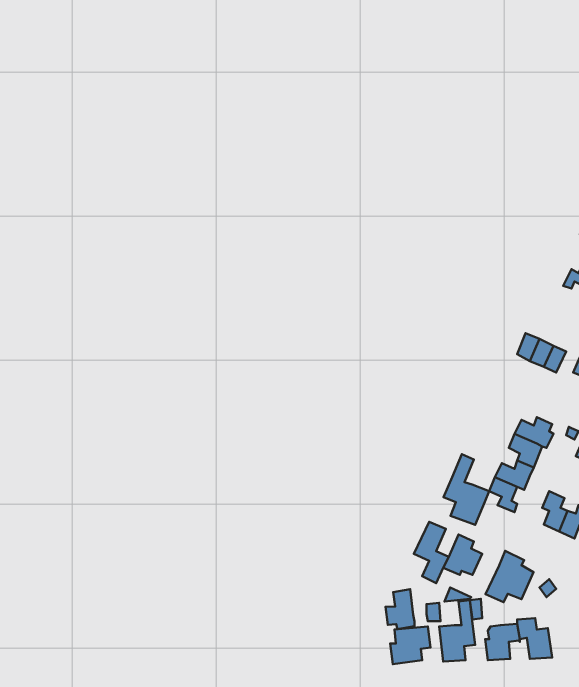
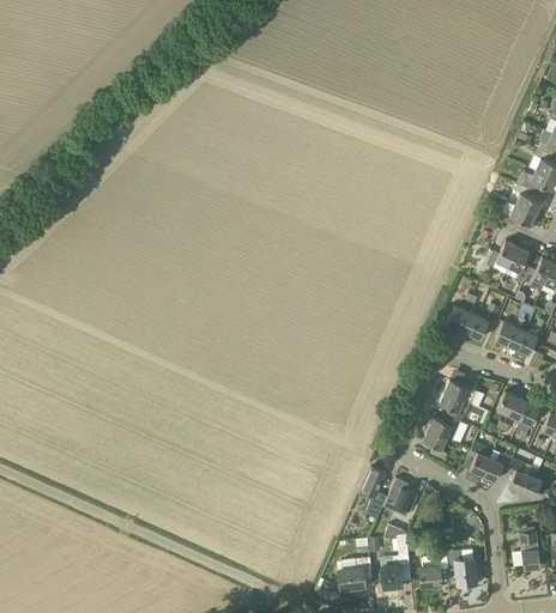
building: [444,454,489,525] -> none
building: [485,551,534,602] -> none
building: [385,589,415,629] -> none

